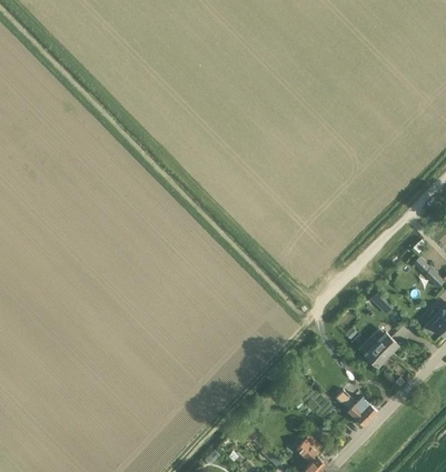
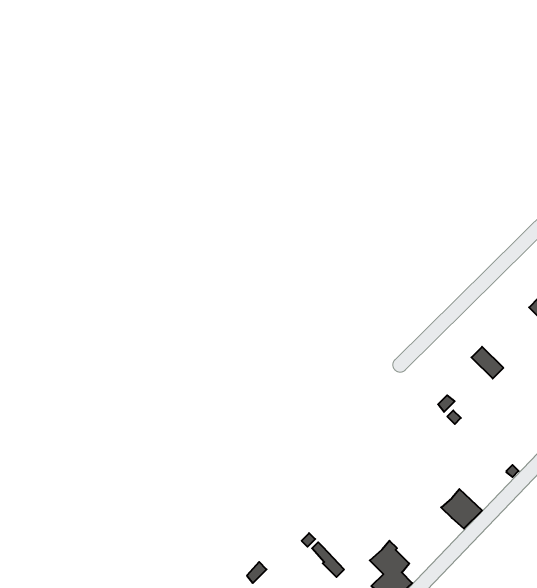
building: [363,331,395,364] -> none

